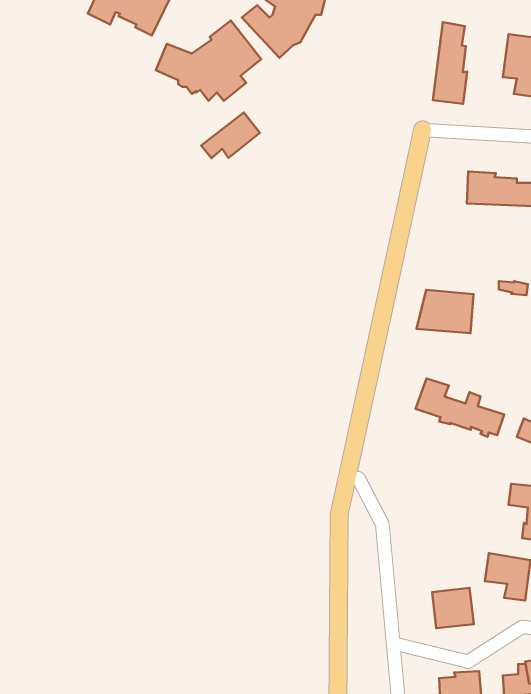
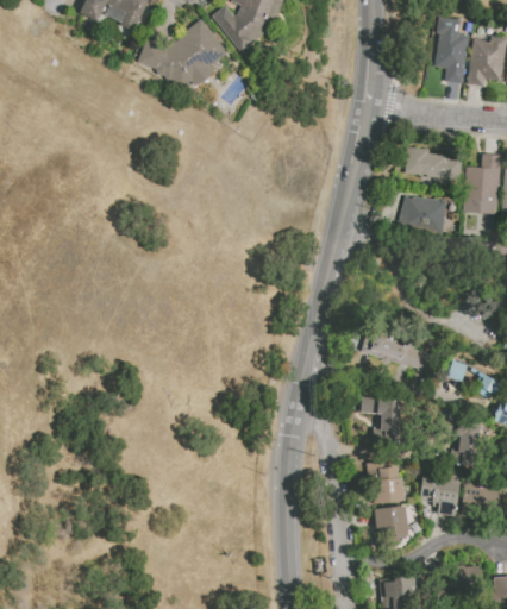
building: [433,22,467,104] -> none
building: [201,112,260,158] -> none
building: [417,290,473,333] -> [396,196,445,233]
building: none -> [359,394,402,441]
building: none -> [365,460,405,504]

